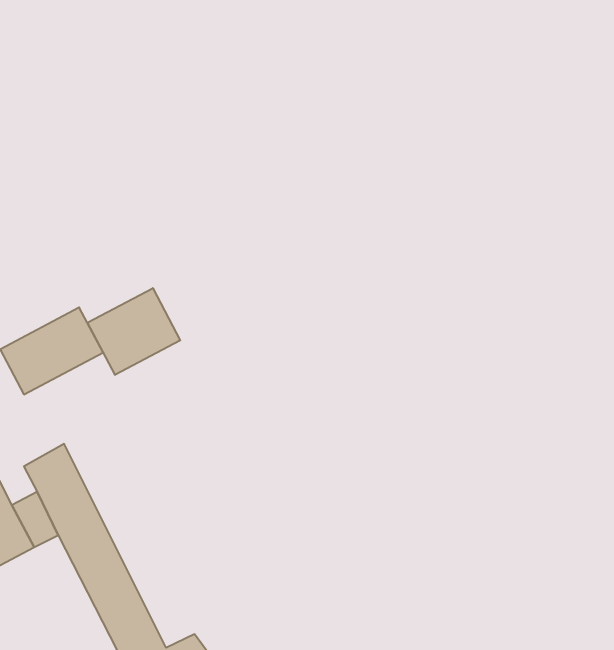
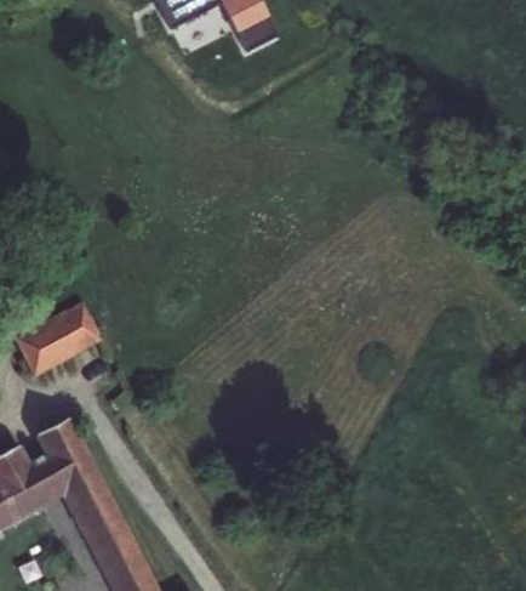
building: [88,288,180,375] -> none

